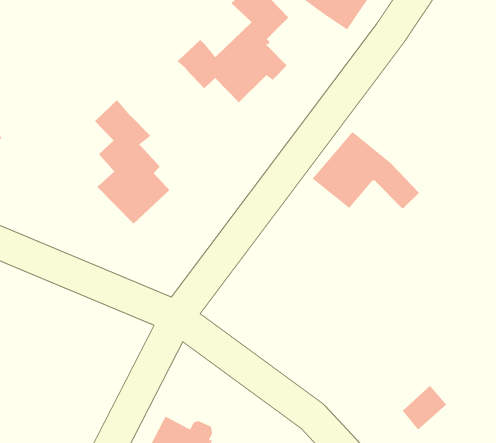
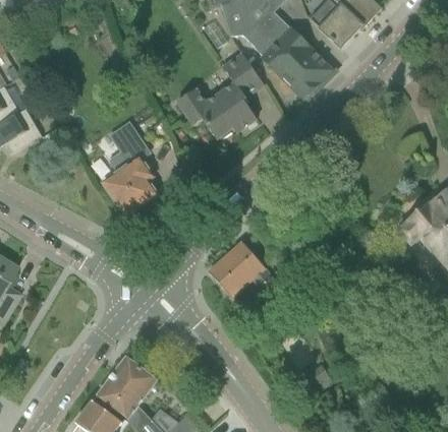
building: [312,131,420,209] -> [208,241,284,303]

